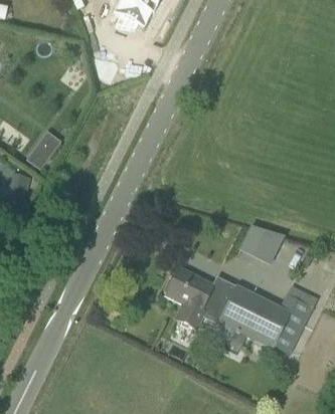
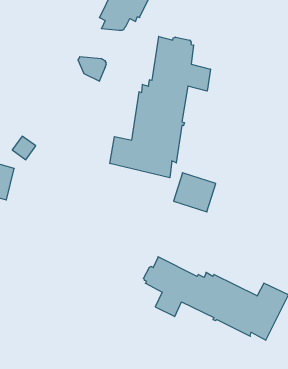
building: none -> [110,36,210,178]
building: [243,221,287,261] -> [174,173,216,212]

